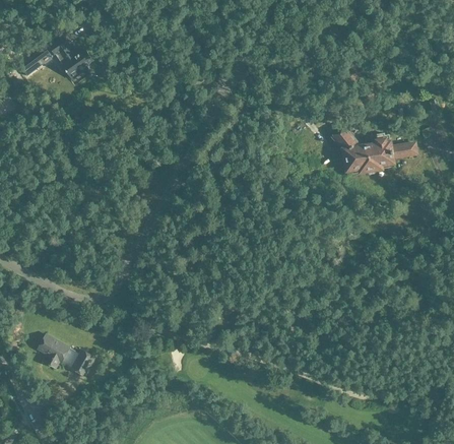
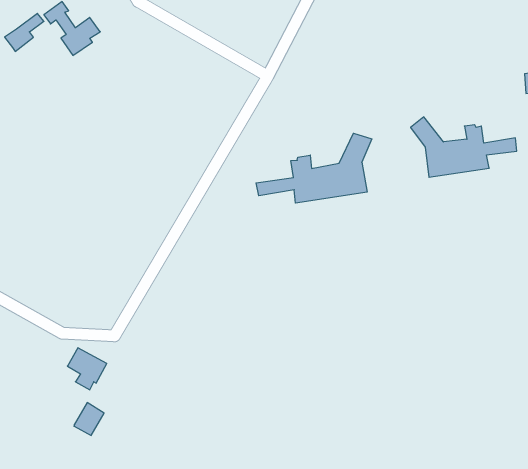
building: none -> [256,133,372,203]
building: [40,333,70,366] -> [67,348,107,390]

